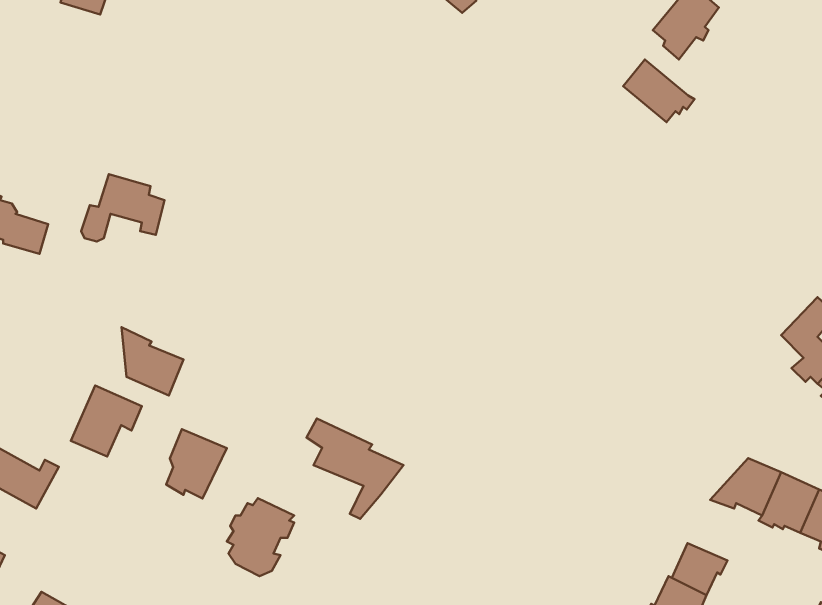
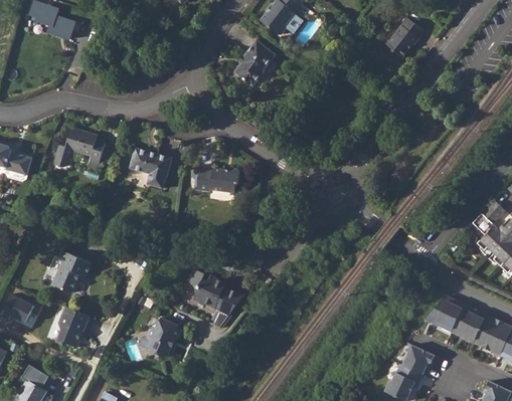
building: none -> [235,42,275,90]
building: [623,59,694,122] -> none
building: none -> [128,147,172,187]
building: none -> [197,174,244,198]
building: [122,327,183,395] -> none
building: [166,429,227,498] -> [57,305,93,345]

